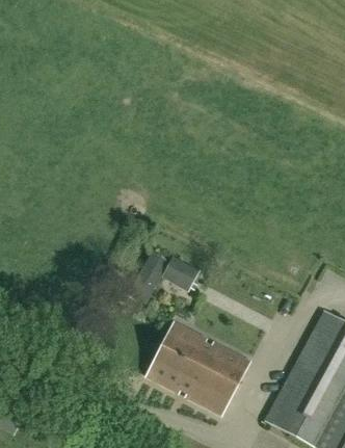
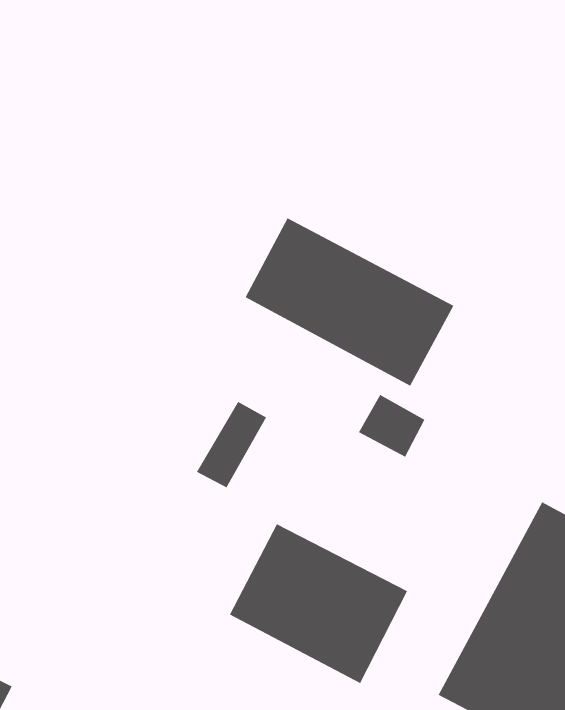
building: none -> [245,217,455,387]
building: [161,255,200,291] -> [358,394,426,458]

